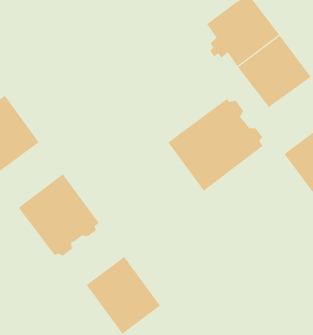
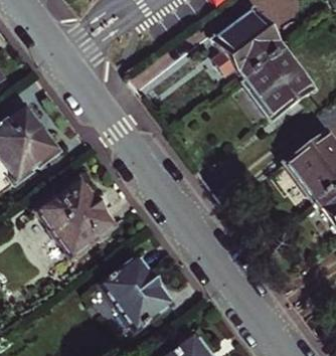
building: [168,98,263,191] -> none

